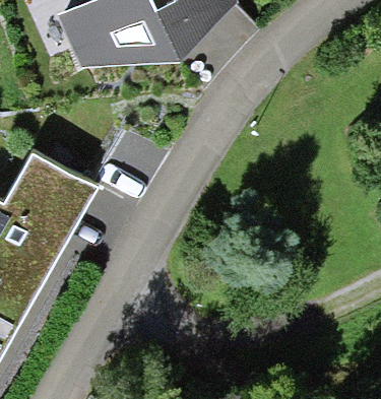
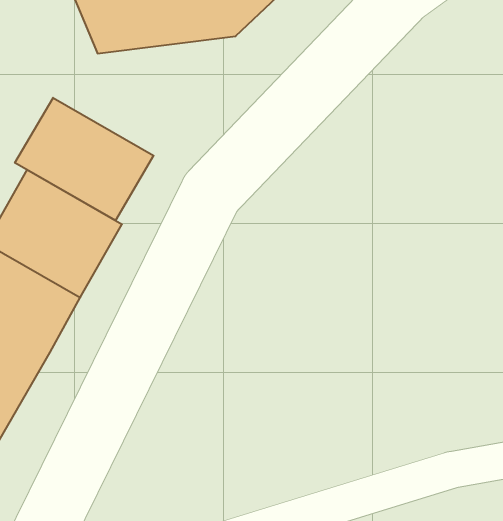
building: none -> [15,98,154,221]

